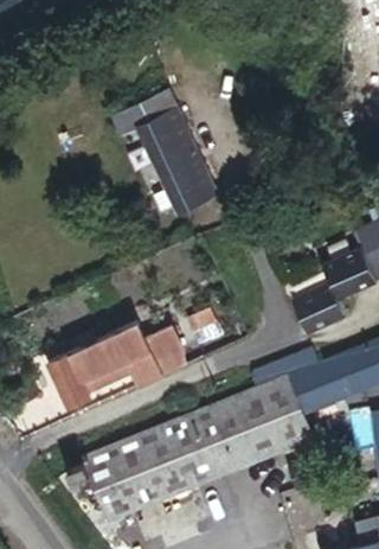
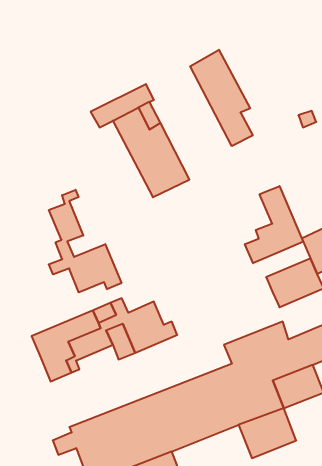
building: none -> [190,50,253,146]
building: none -> [245,186,303,263]
building: none -> [49,190,121,292]

